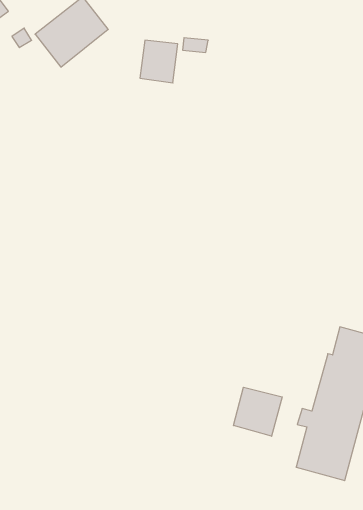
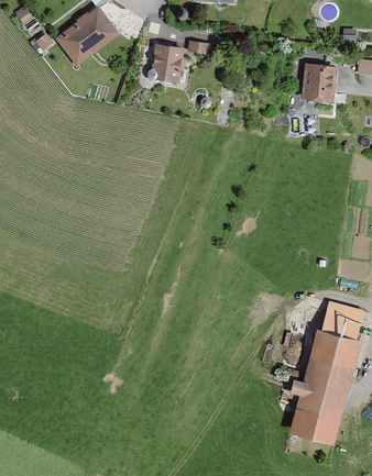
building: none -> [302,64,338,99]
building: [234,387,282,436] -> none

